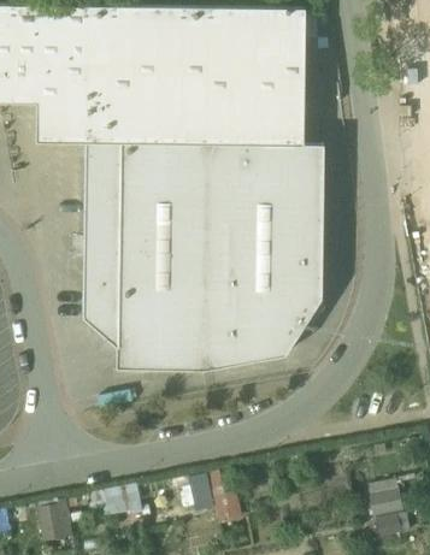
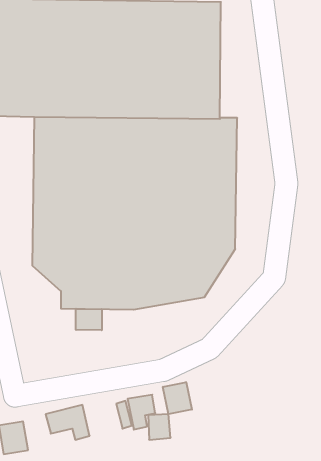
building: none -> [76,309,102,330]
building: none -> [163,382,192,414]
building: [373,478,410,536] -> none

